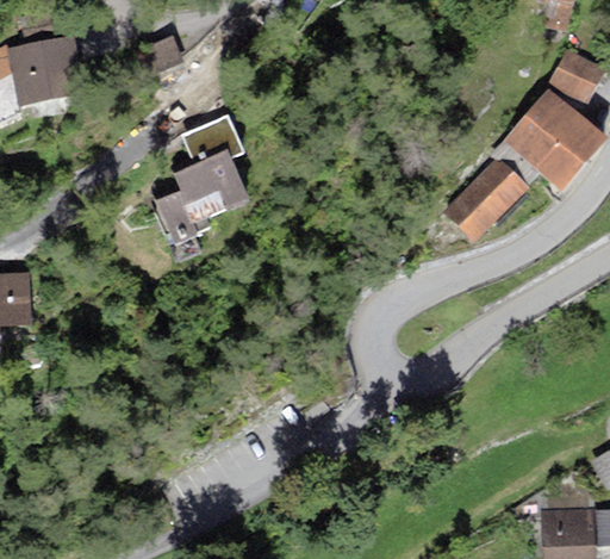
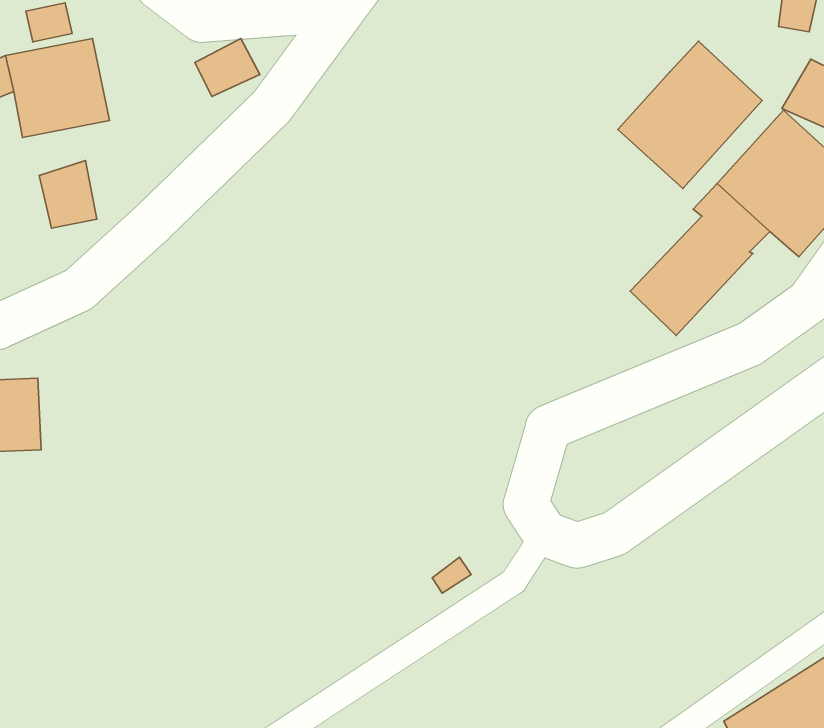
building: none -> [618,41,762,189]
building: [150,112,250,244] -> none
building: none -> [39,160,97,228]

